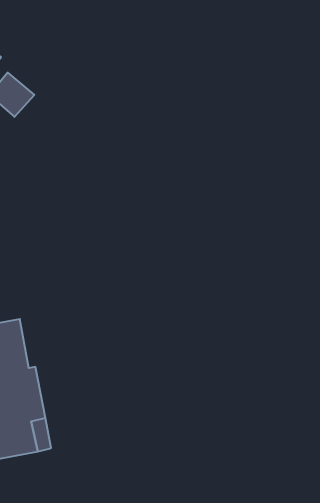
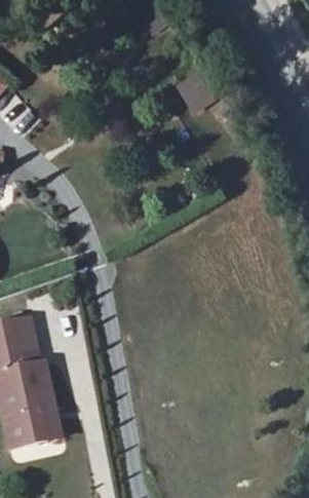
building: none -> [171,62,216,108]

